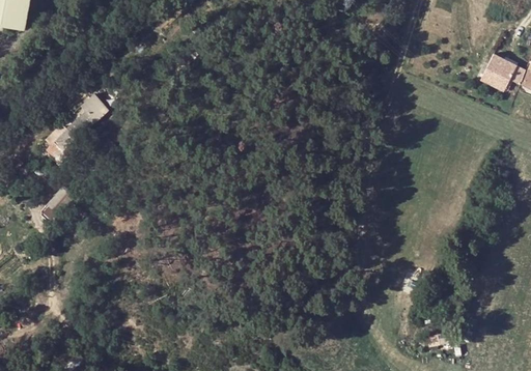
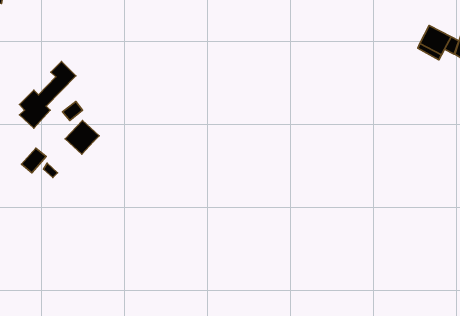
building: none -> [65,120,99,154]

